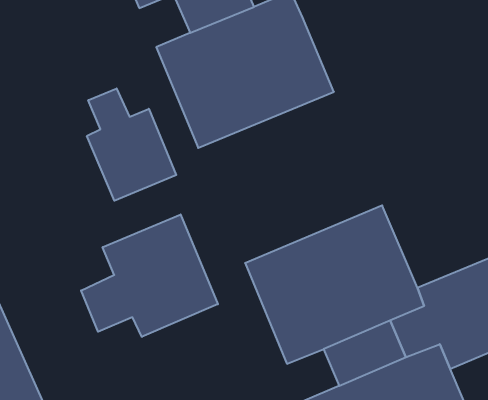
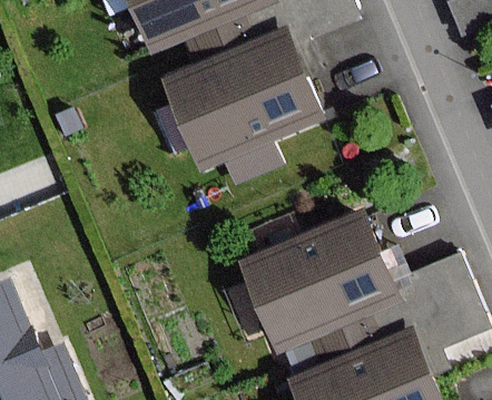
building: [87,88,176,201] -> none
building: [81,214,218,337] -> none

